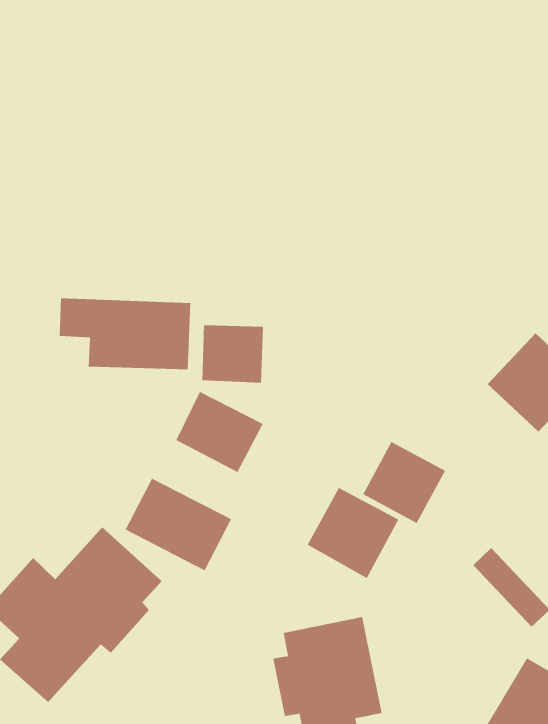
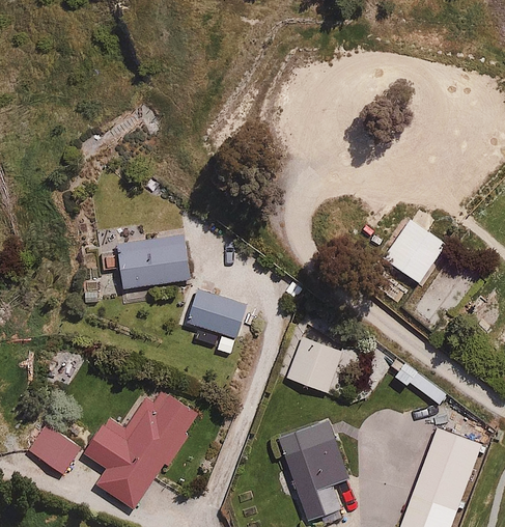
building: [202,325,264,383] -> none
building: [362,441,446,524] -> none
building: [125,478,232,571] -> none

